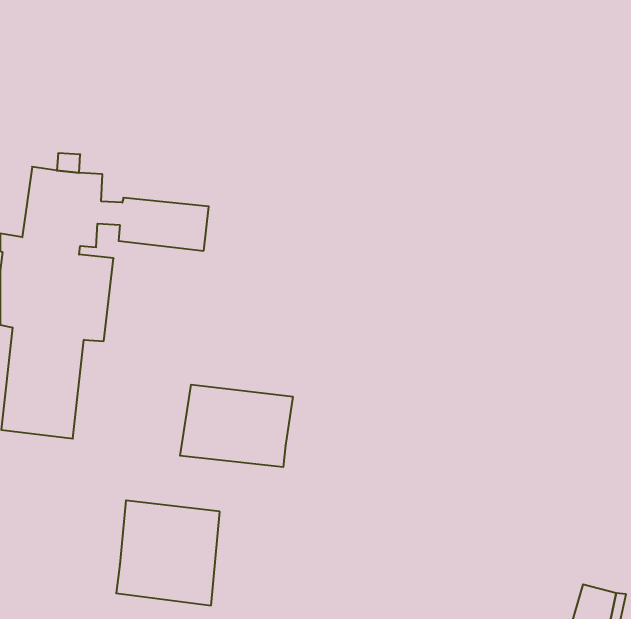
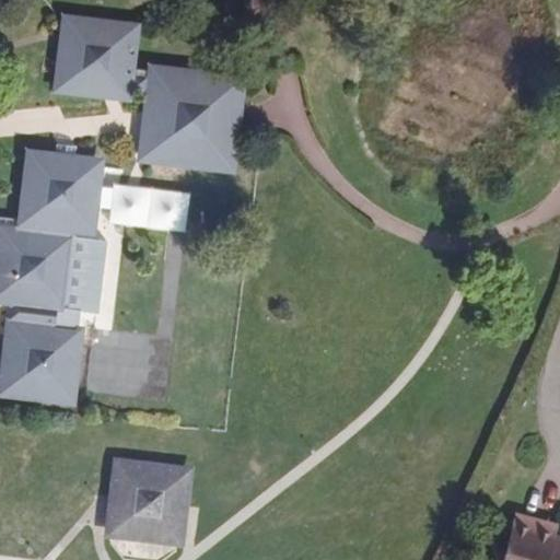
building: none -> [54,26,237,171]
building: [180,385,293,467] -> none

